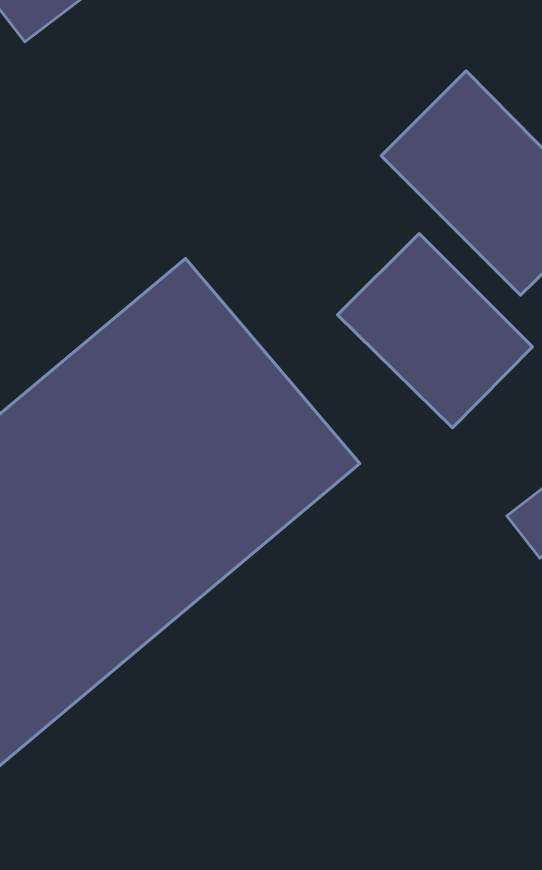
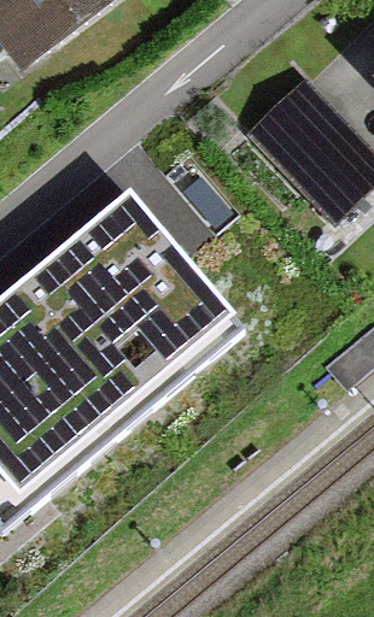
building: [337,233,532,428] -> none

